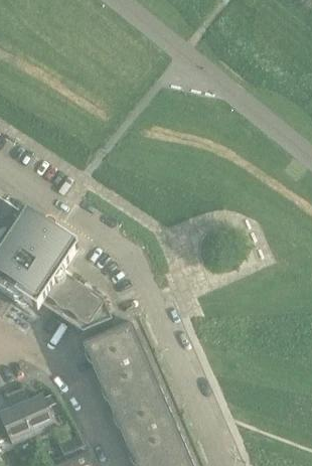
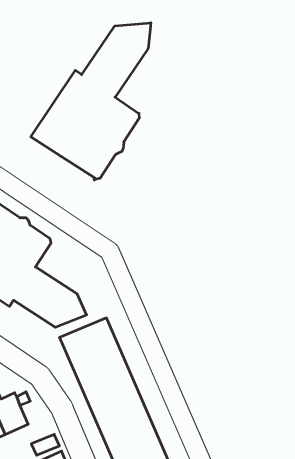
building: none -> [31,23,151,180]

